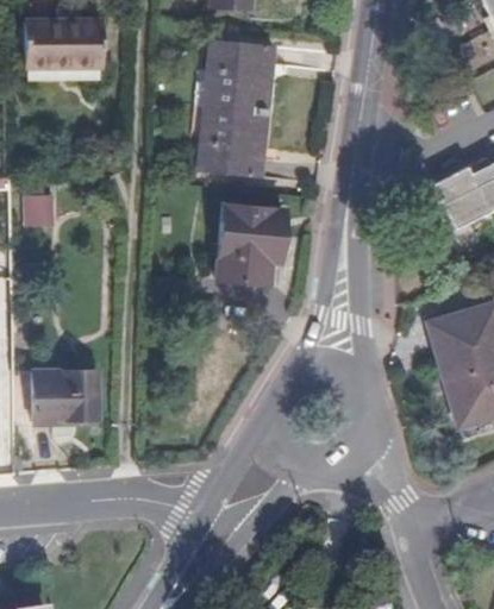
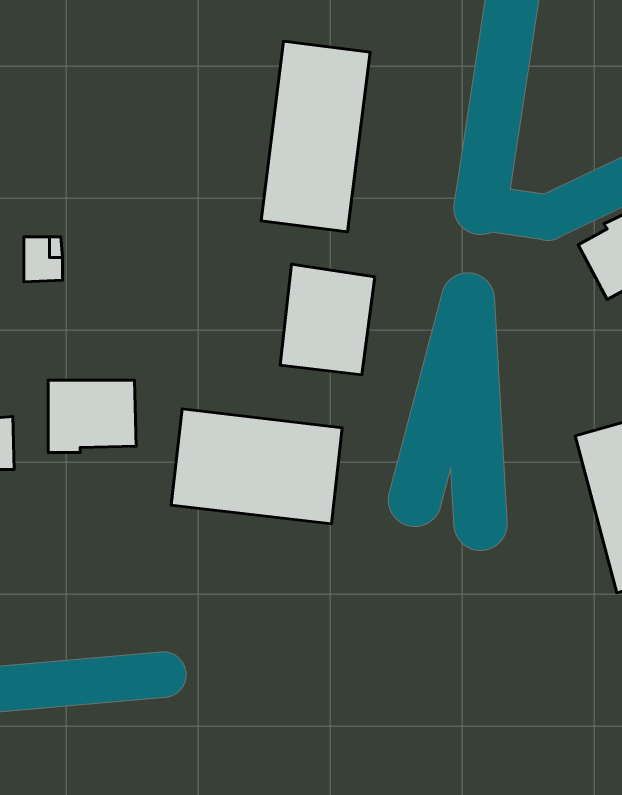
building: [26,18,104,63] -> none
building: none -> [171,409,342,524]
building: [31,370,96,423] -> [48,380,136,452]

